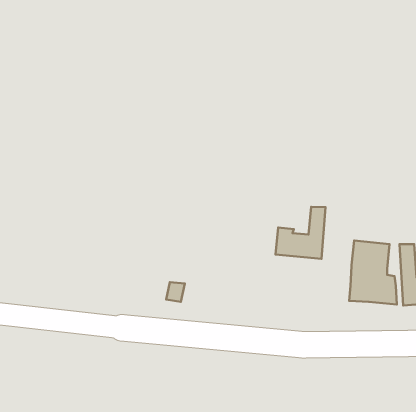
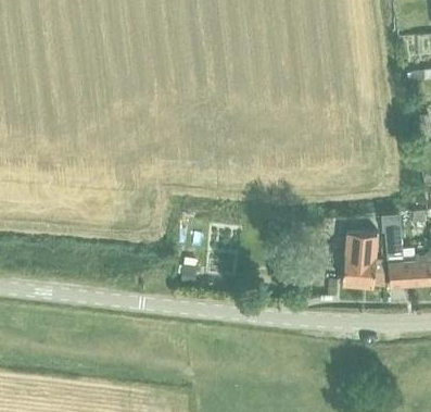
building: [276,207,326,259] -> none

